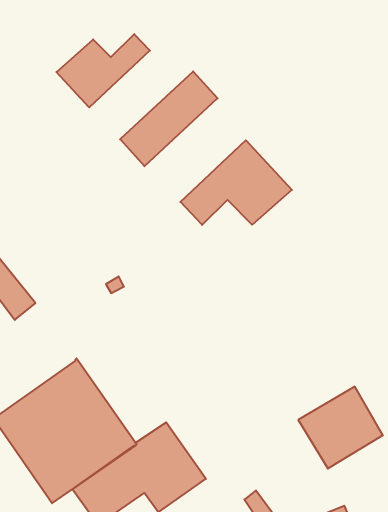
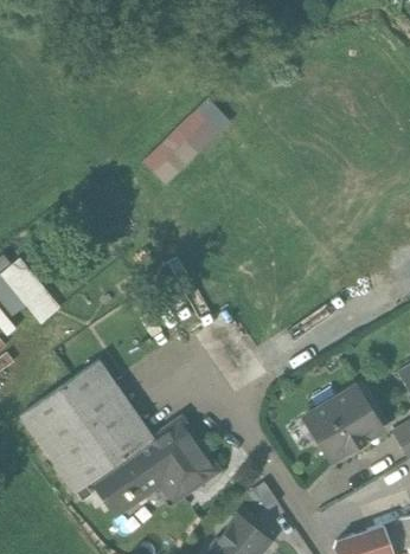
building: [56,34,150,107] -> none
building: [180,140,292,225] -> none

